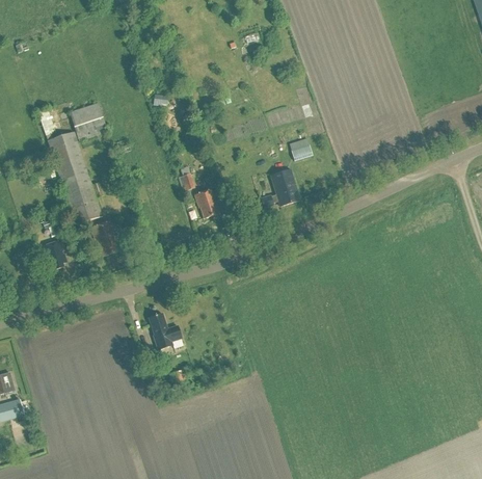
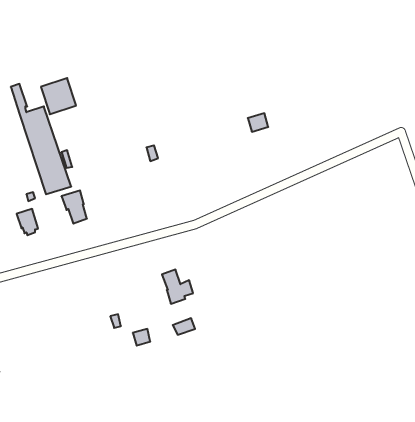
building: [261,167,300,206] -> none
building: [194,188,219,217] -> none
building: [148,312,181,348] -> [162,270,193,304]

